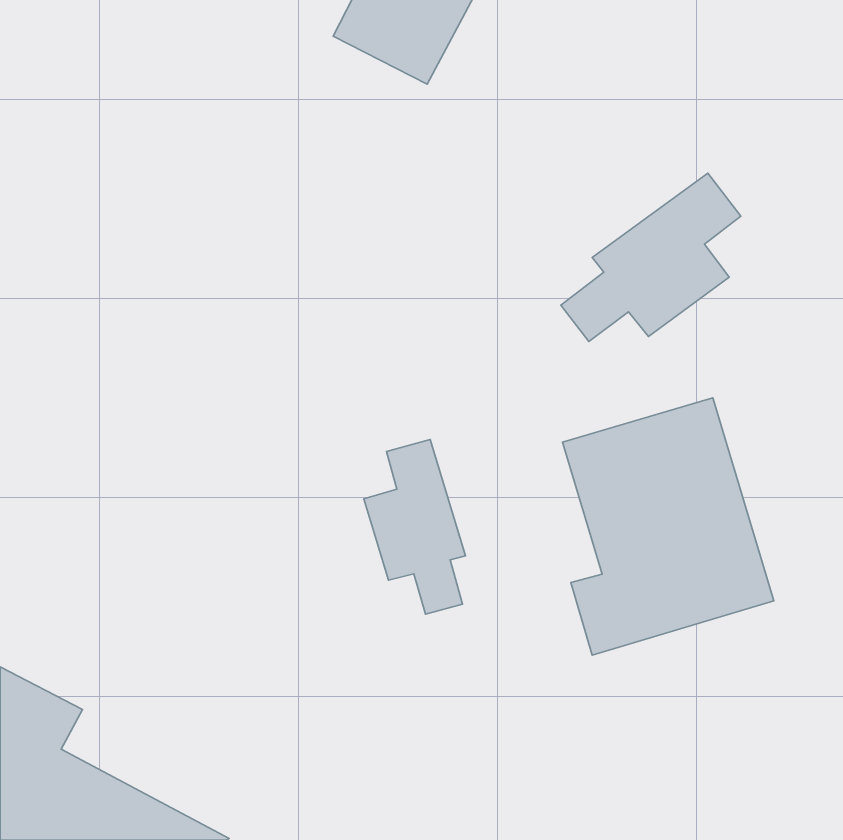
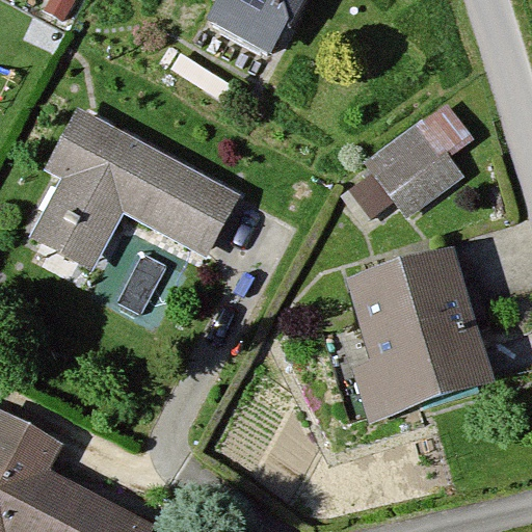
building: none -> [37,112,235,259]
building: [364,440,465,614] -> none

